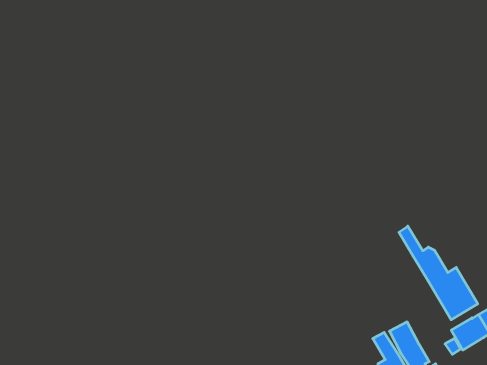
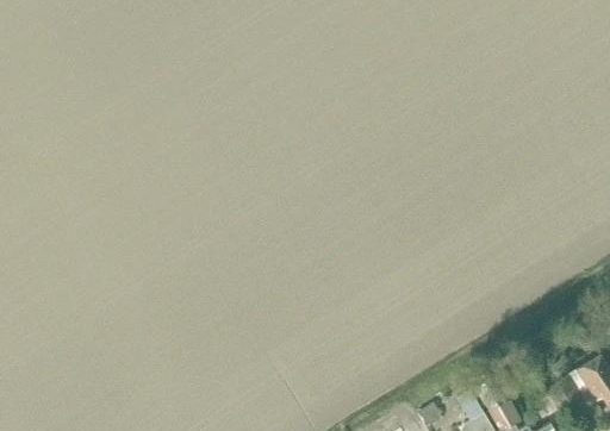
building: [399,226,478,320] -> none

